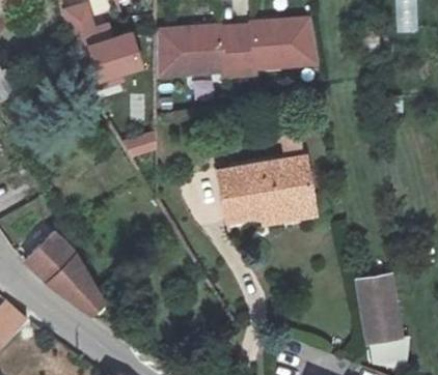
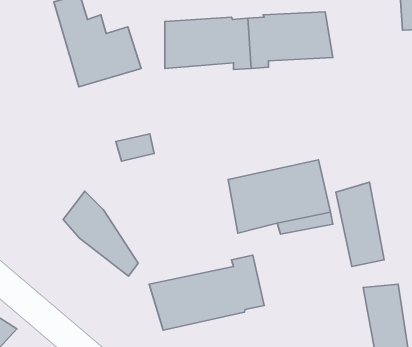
building: none -> [336,182,384,266]
building: [38,228,110,309] -> [63,191,138,276]
building: none -> [149,255,264,330]

